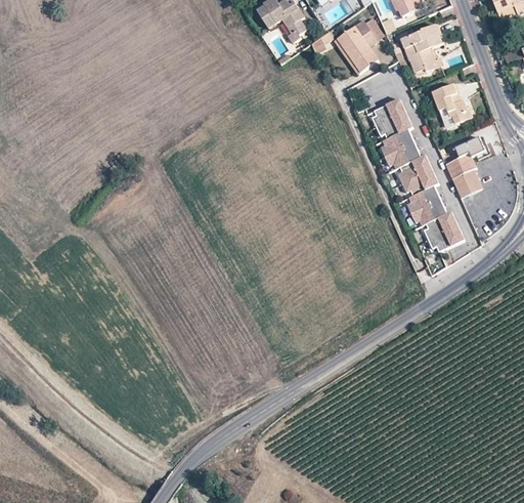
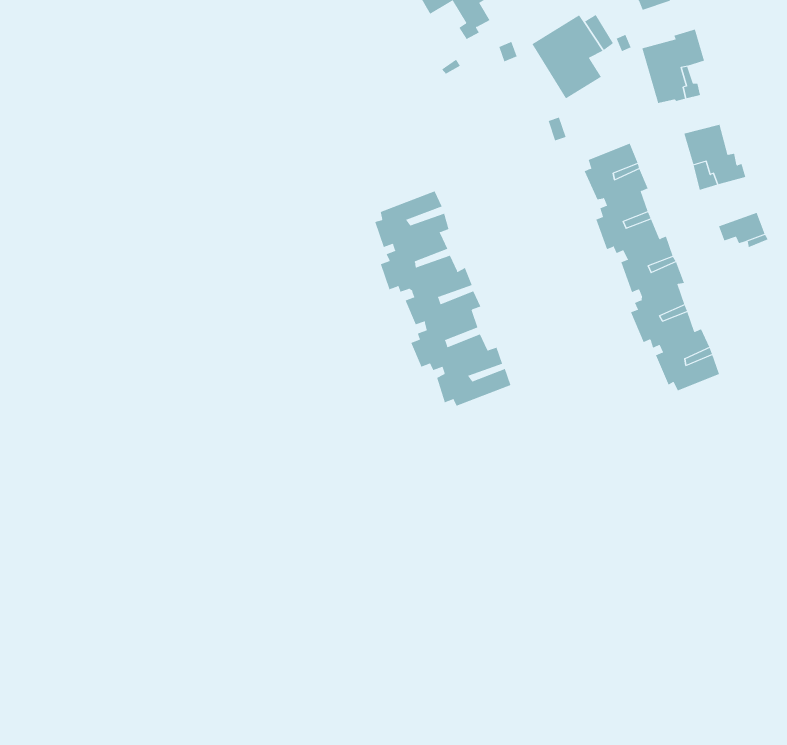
building: none -> [375,191,511,407]
building: [445,153,481,196] -> none

